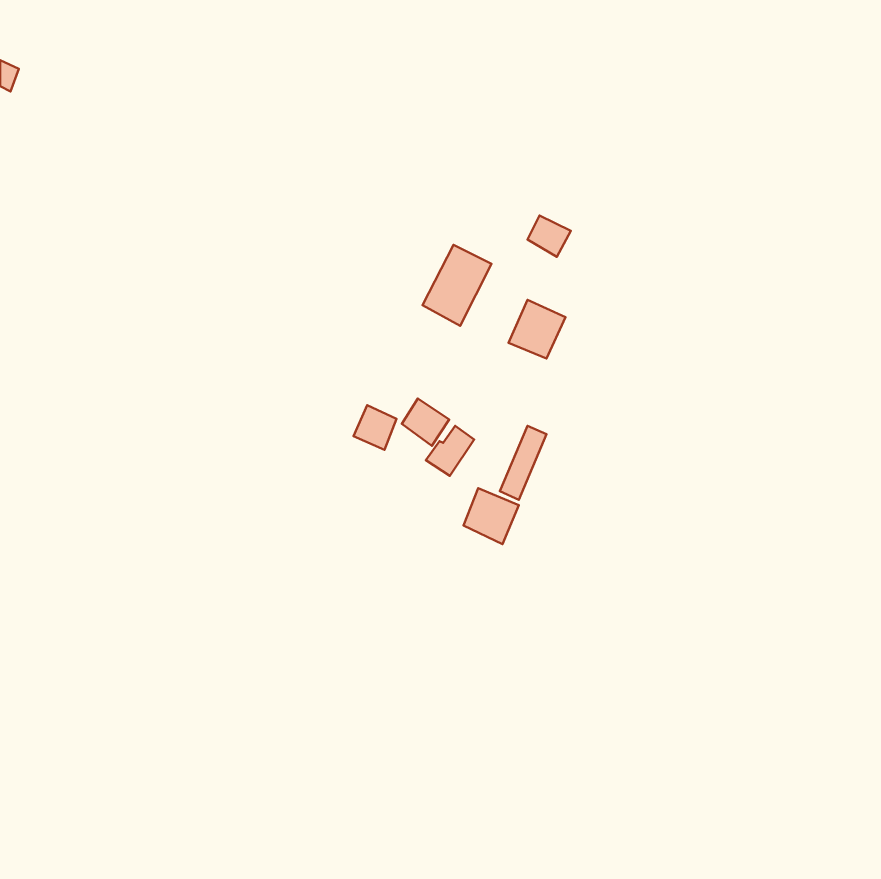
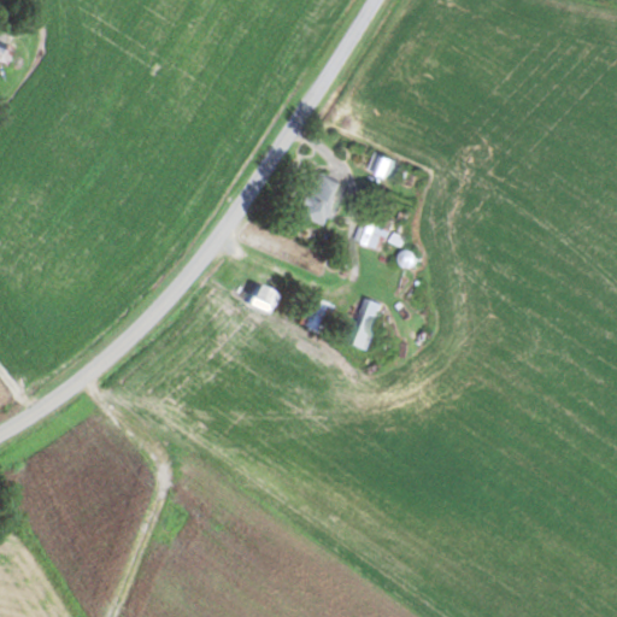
building: [402,399,449,446] -> none
building: [463,488,519,544] -> none

